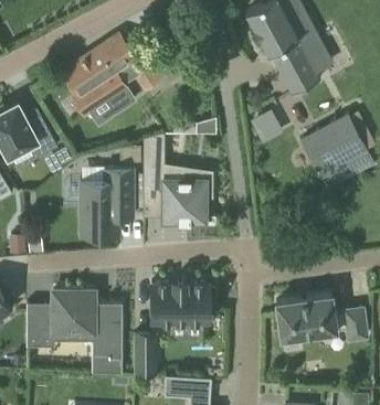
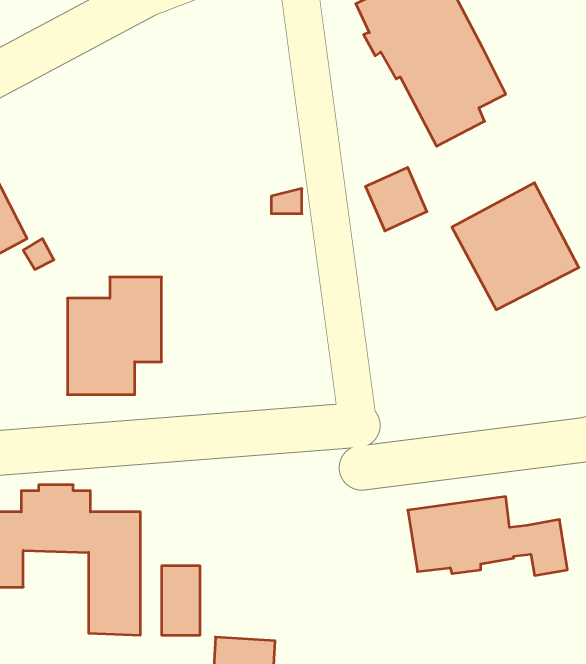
building: [63,38,160,118] -> none
building: [142,135,211,226] -> none
building: [151,283,214,326] -> none

